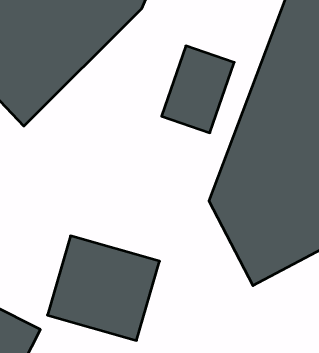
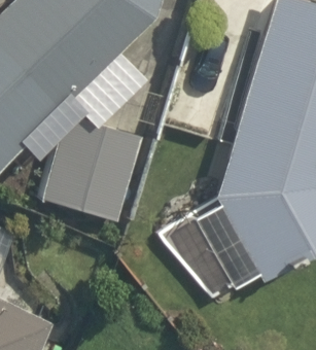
building: [47,236,160,340] -> [44,120,149,218]

